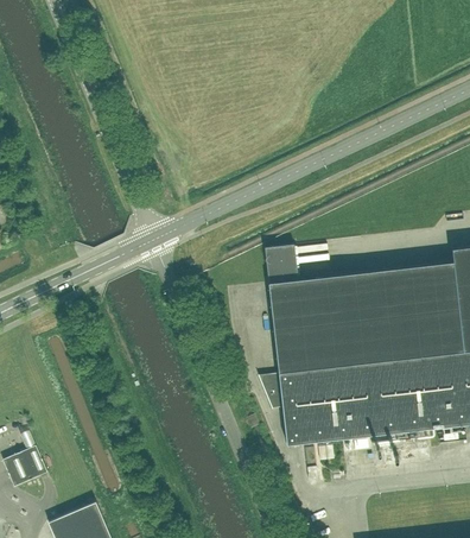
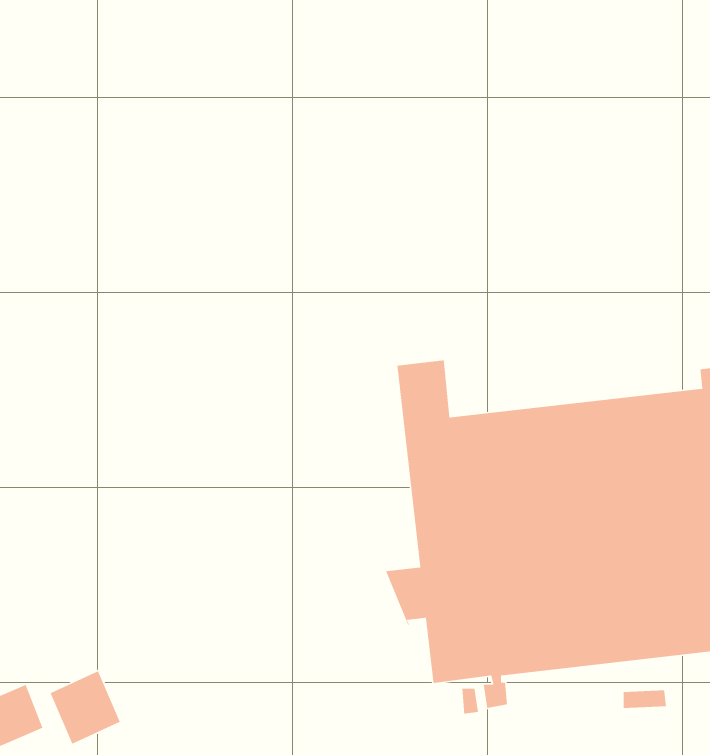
building: none -> [49,670,121,745]

